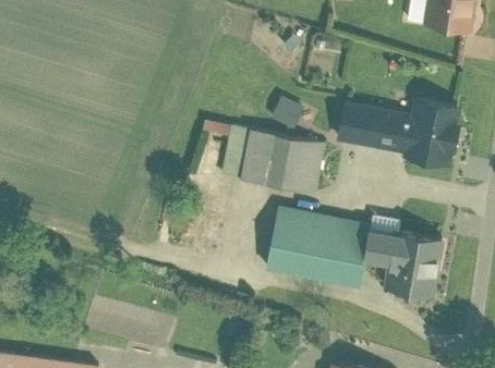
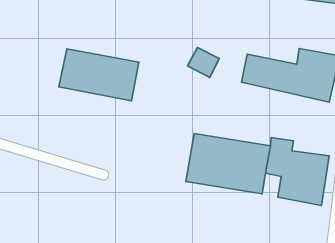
building: [224,125,329,194] -> [59,49,139,101]

